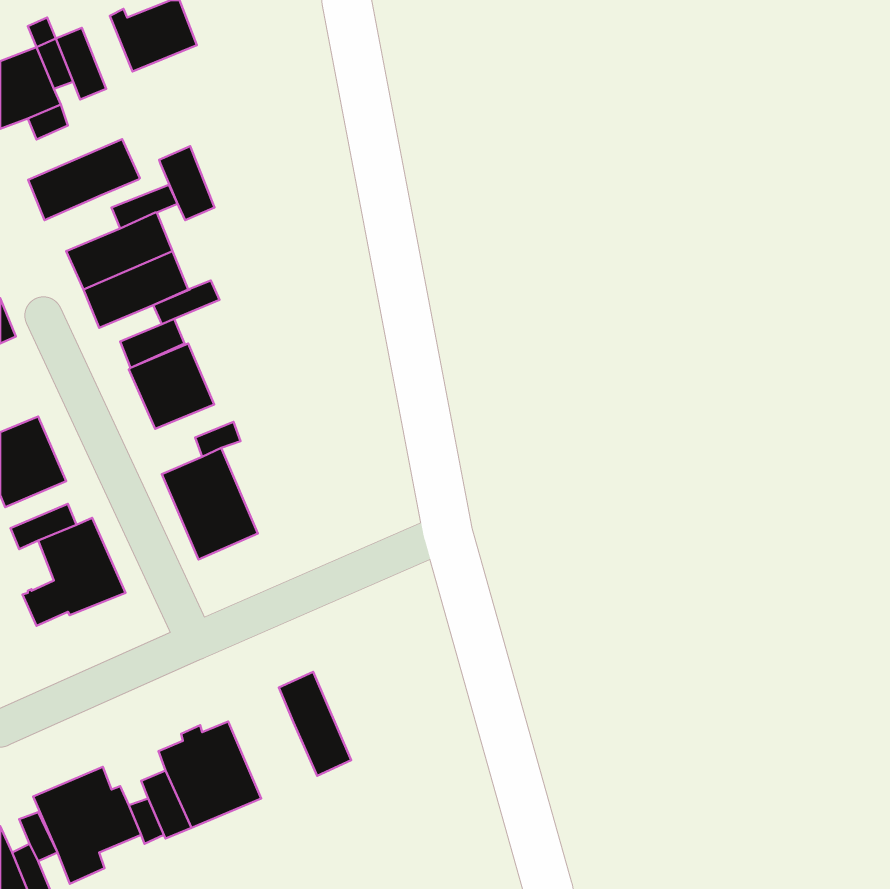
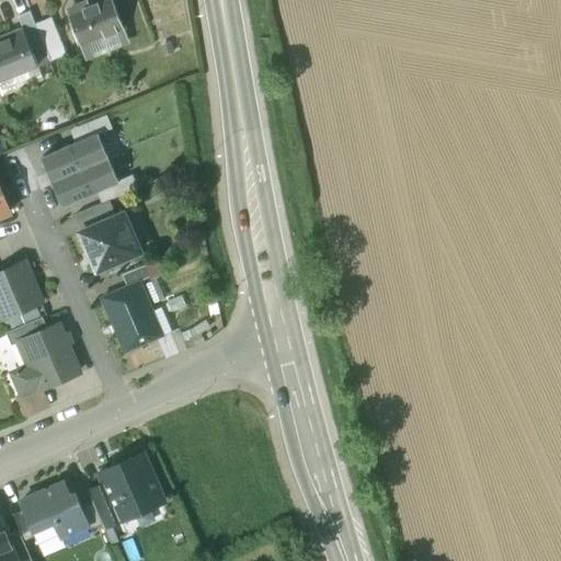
building: [28,139,140,220] -> none
building: [159,146,215,220] -> none
building: [279,672,351,776] -> none

